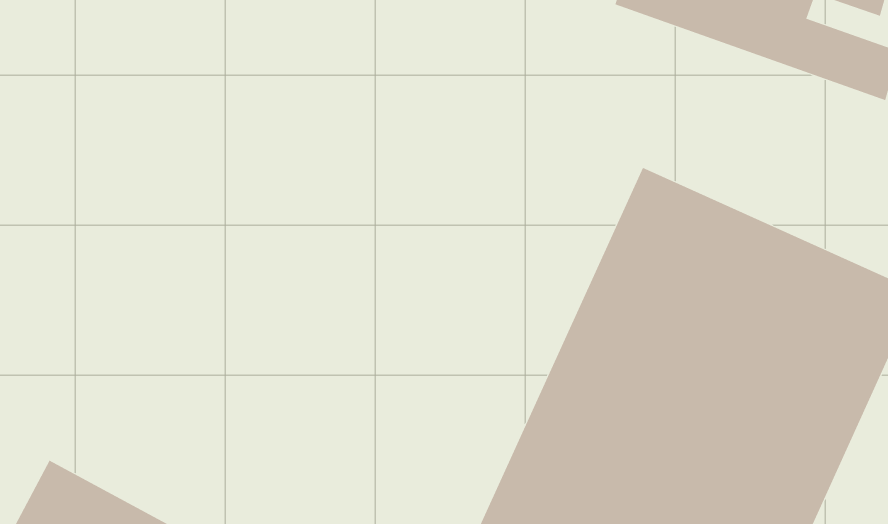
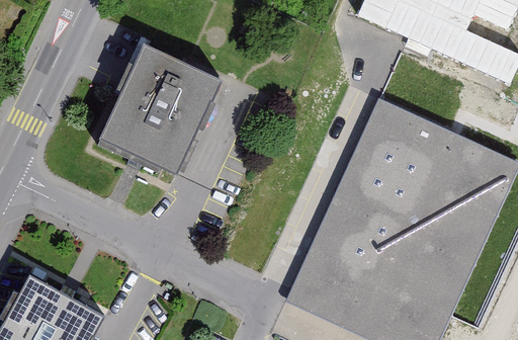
building: none -> [100,44,221,172]

